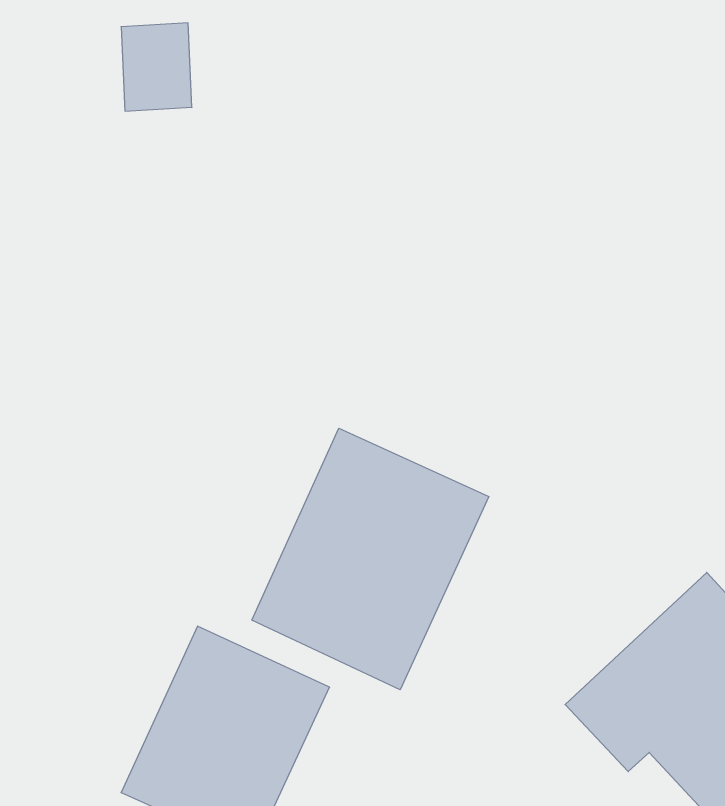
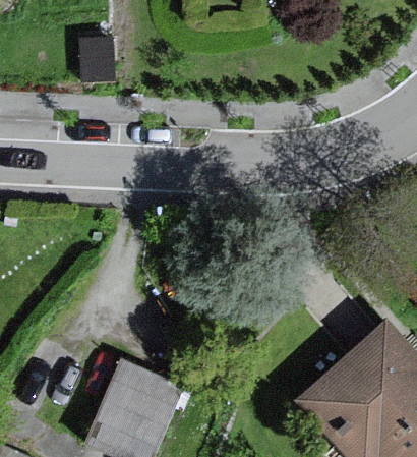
building: [252,428,489,690] -> none

